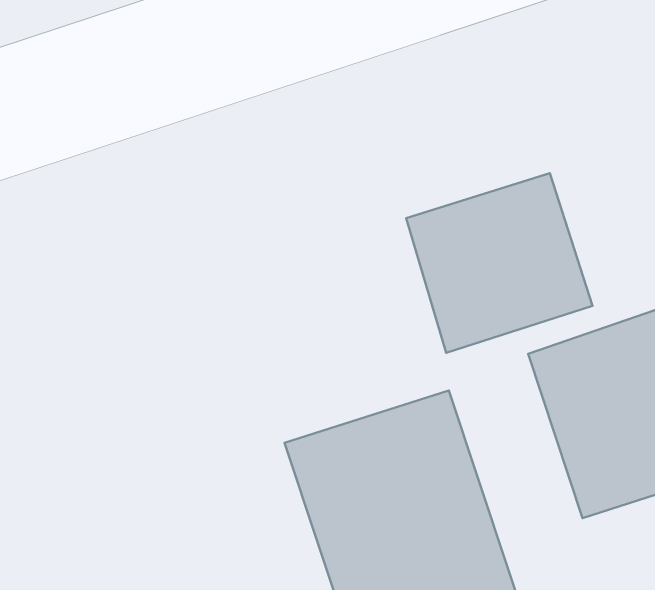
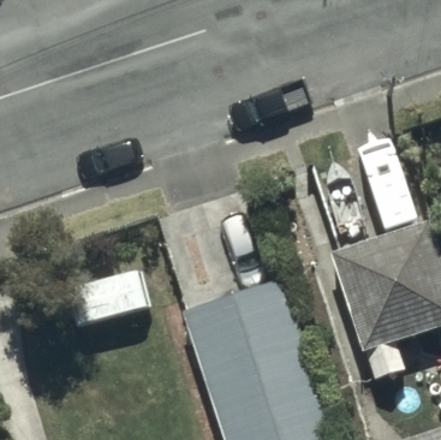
building: [406,173,593,353] -> none

